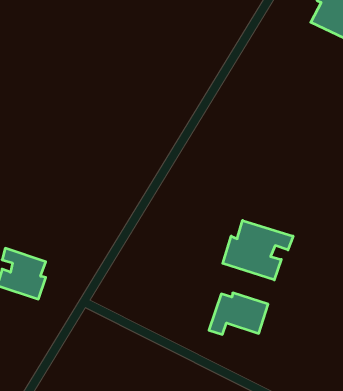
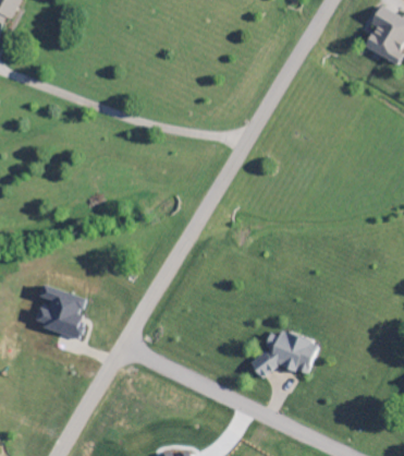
building: [223,220,293,280] -> none

